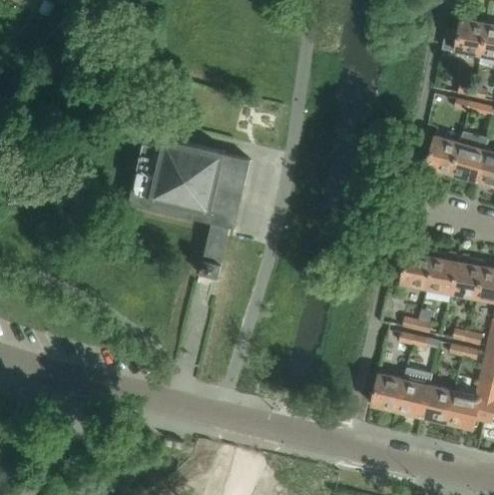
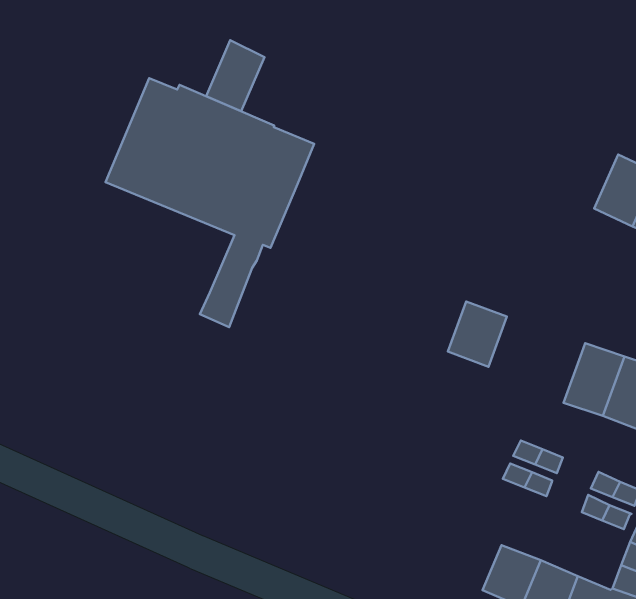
building: none -> [206,40,265,111]
building: [402,252,434,289] -> [448,301,507,367]
building: [373,375,405,410] -> none

